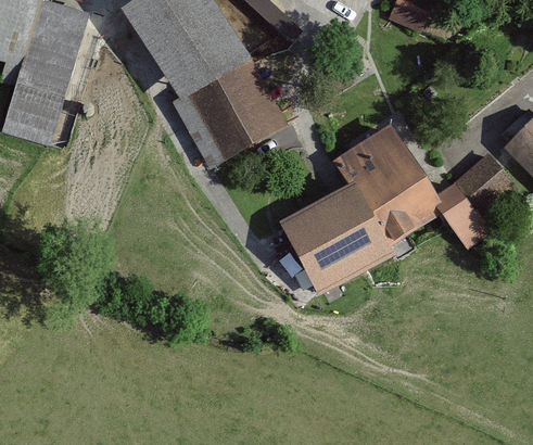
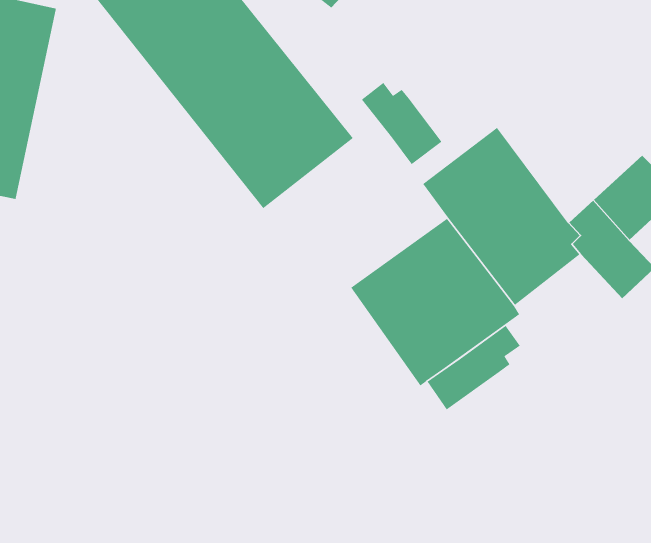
building: none -> [361,82,443,165]
building: none -> [427,325,521,410]

